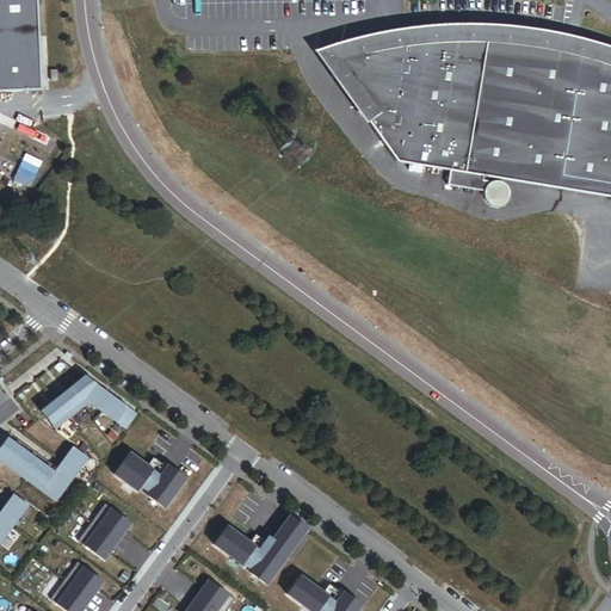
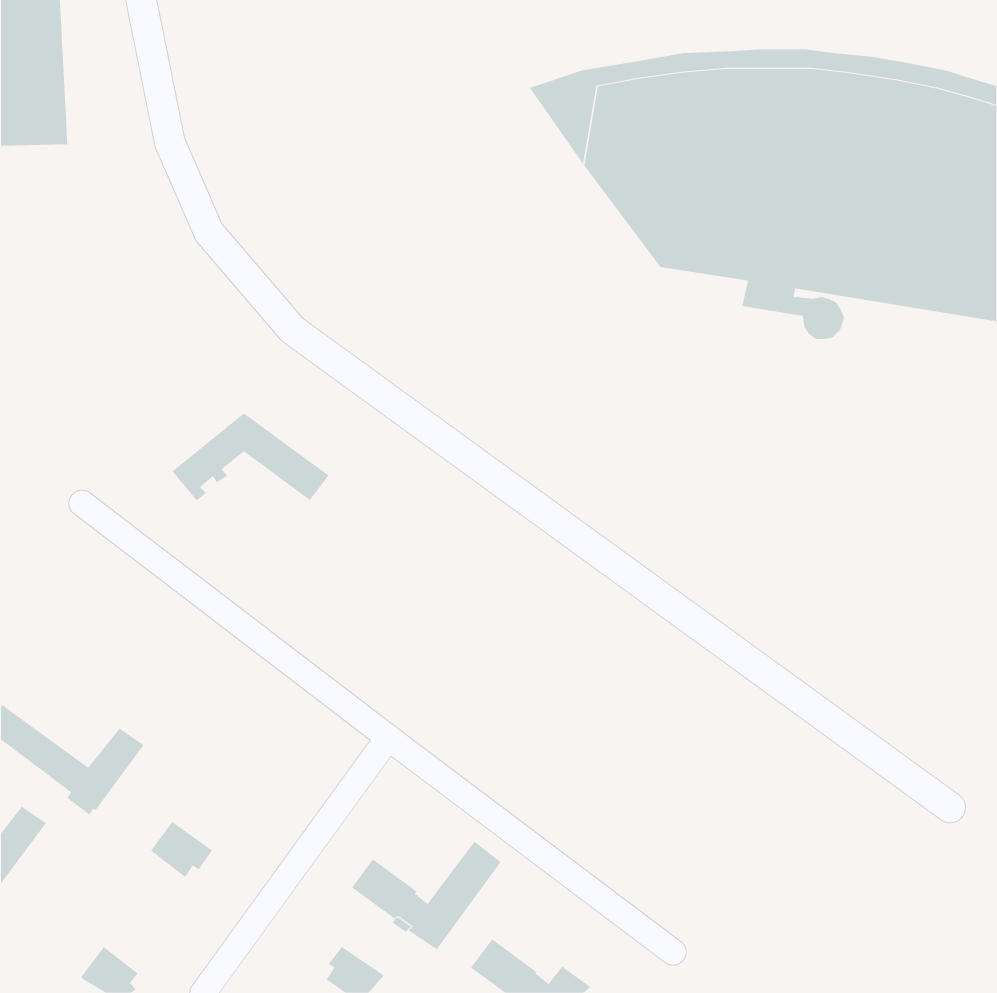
building: [41,374,137,427] -> [172,413,330,501]
building: [116,452,186,506] -> none
building: [78,520,113,558] -> none
building: [63,561,103,595] -> none

